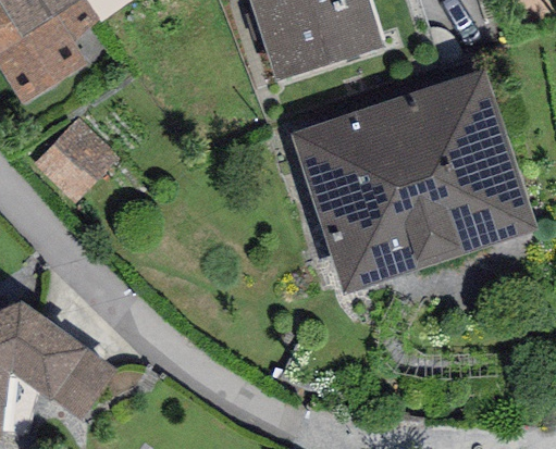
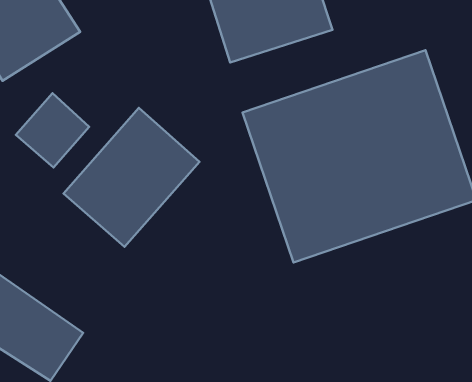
building: none -> [63,108,200,247]

